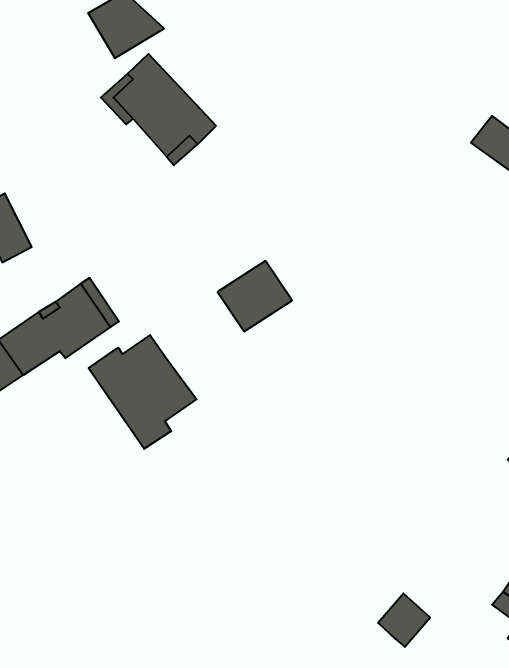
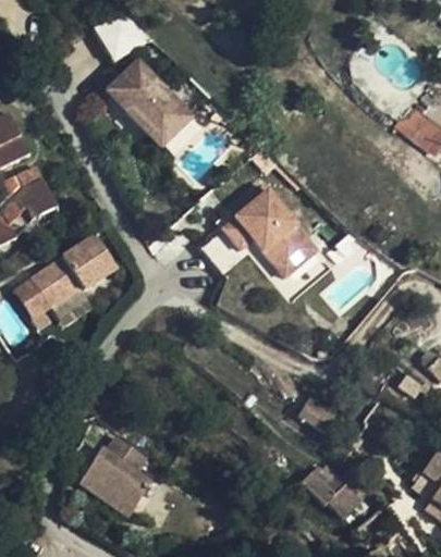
building: none -> [233,185,320,278]
building: [89,335,197,449] -> none
building: none -> [77,433,158,513]

